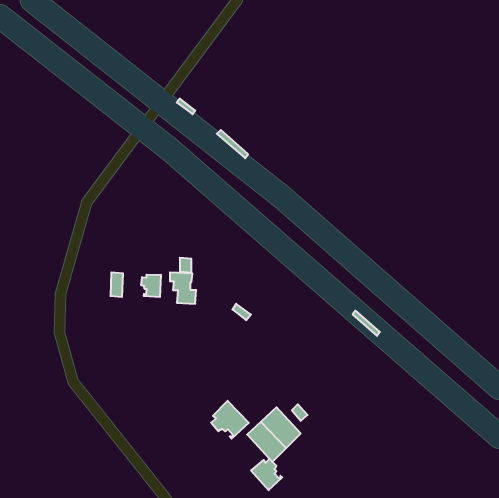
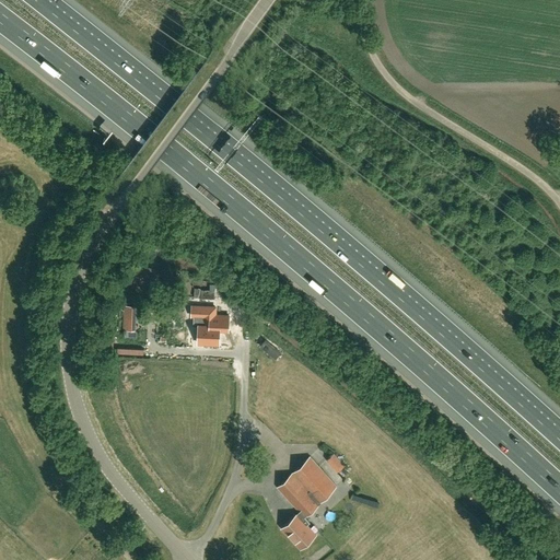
building: [141,275,161,297] -> none
building: [211,401,249,439] -> none

